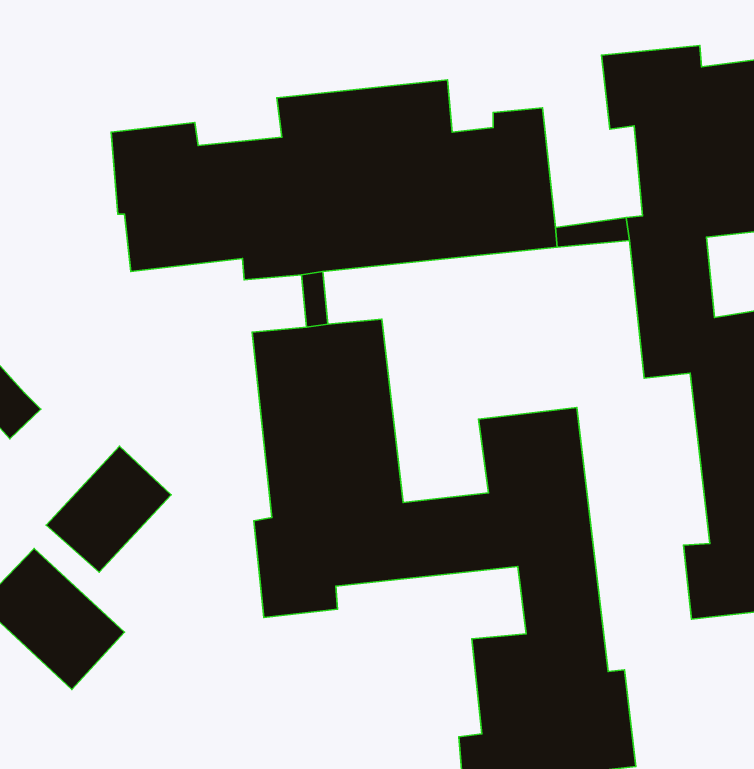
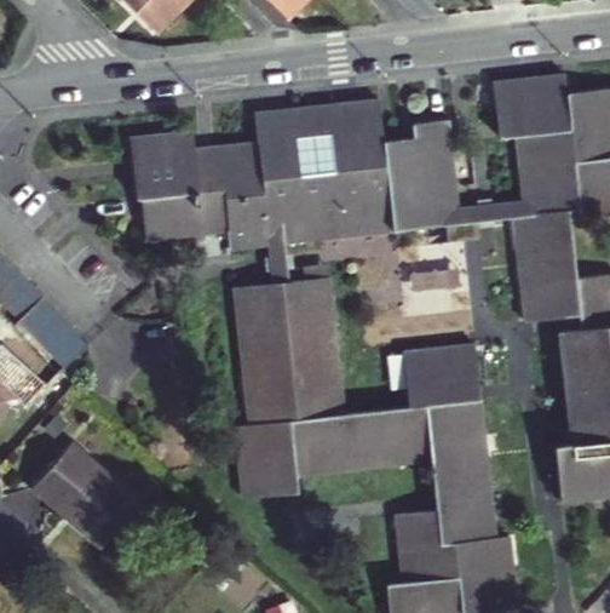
building: [46,446,171,572] -> none

